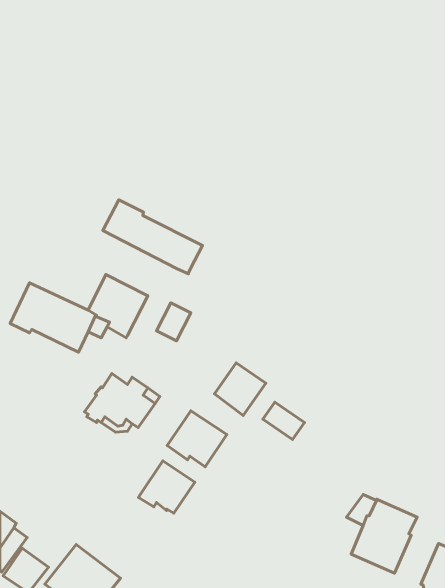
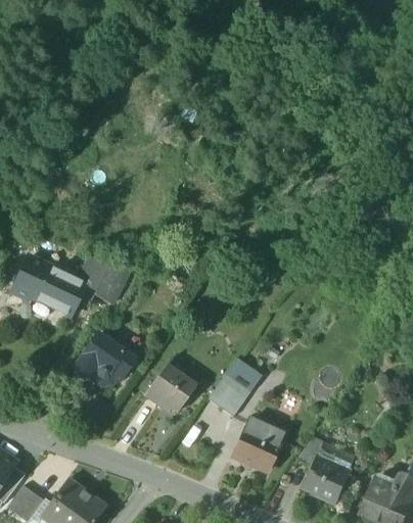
building: [103,200,202,274] -> none
building: [156,303,191,341] -> none
building: [214,363,266,415] -> [208,373,251,418]
building: [138,461,195,513] -> none
building: none -> [232,420,282,472]

